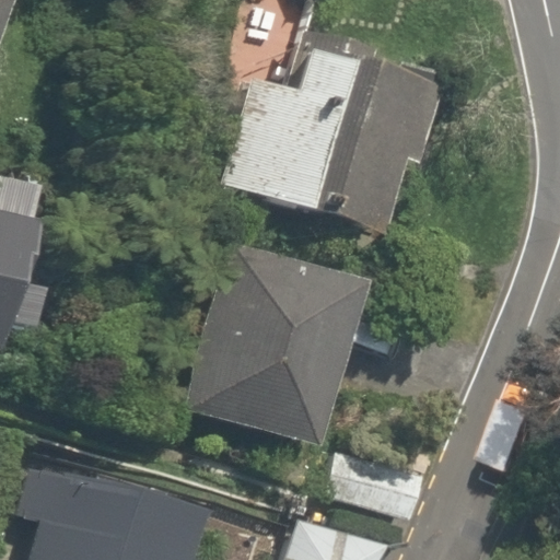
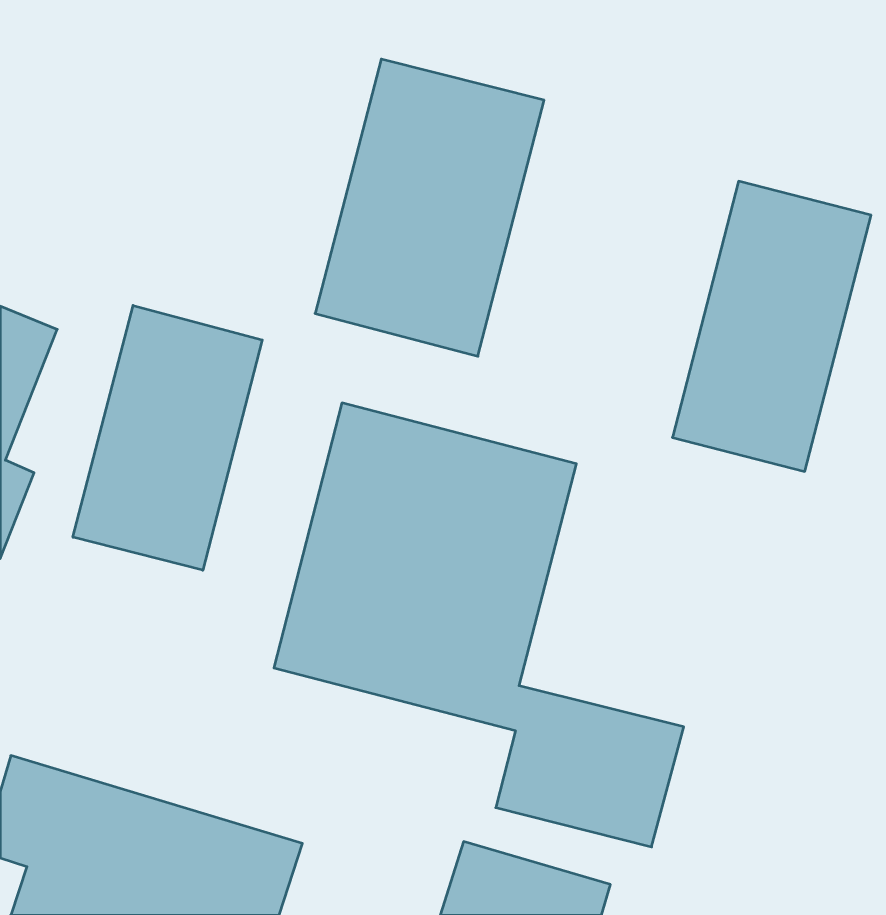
building: [310,61,431,238] -> [672,181,871,471]
building: none -> [73,305,262,570]

